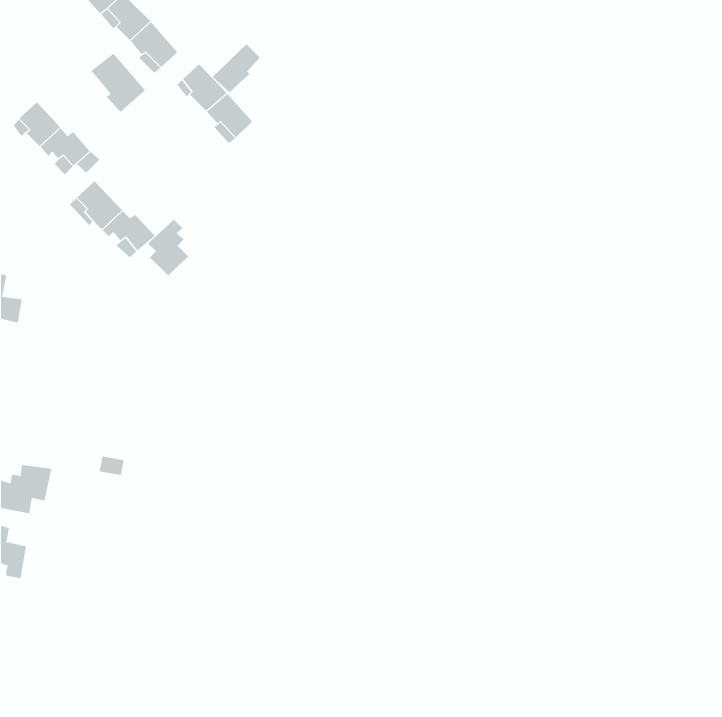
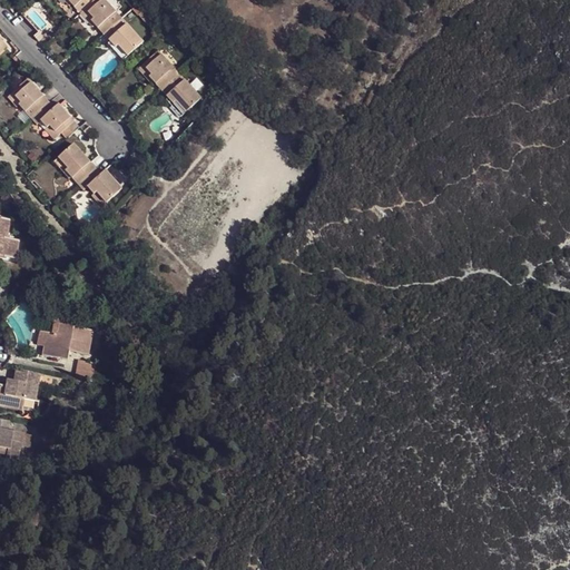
building: [212,44,261,93] -> none
building: [90,53,146,113] -> none
building: [147,219,189,276] -> none
building: none -> [31,311,96,360]

